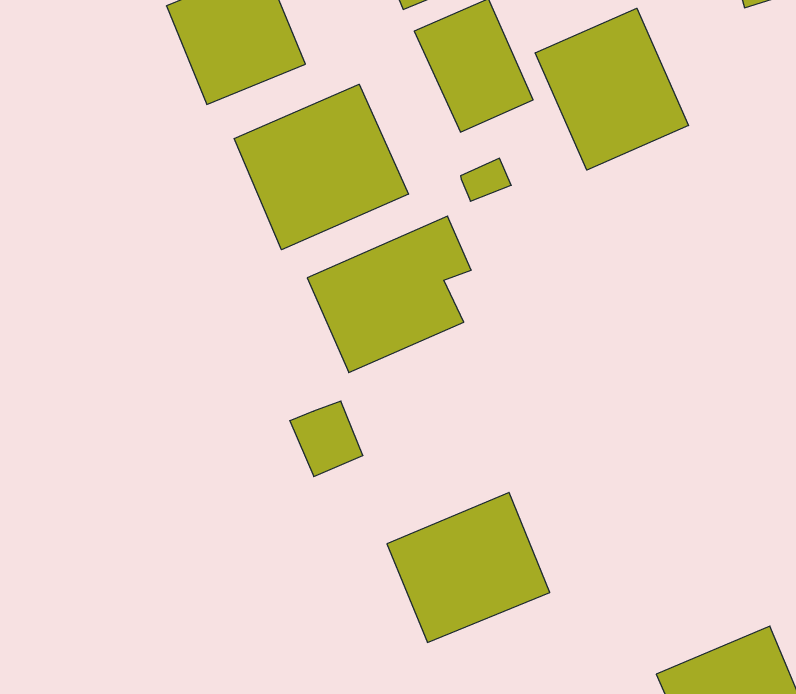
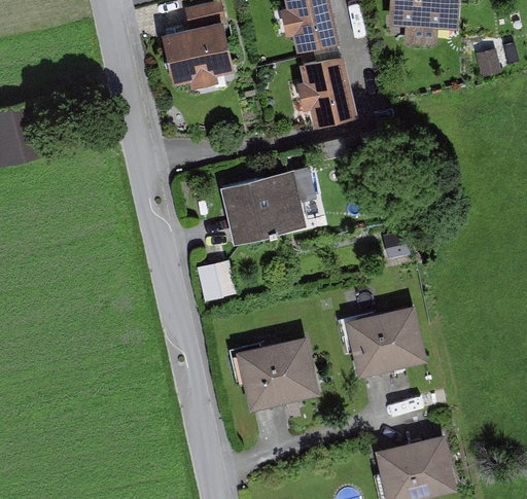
building: [535,8,688,170] -> none
building: [234,84,408,250] -> none
building: none -> [343,308,422,372]

